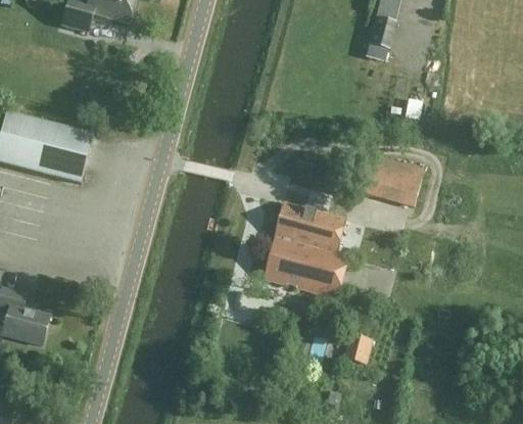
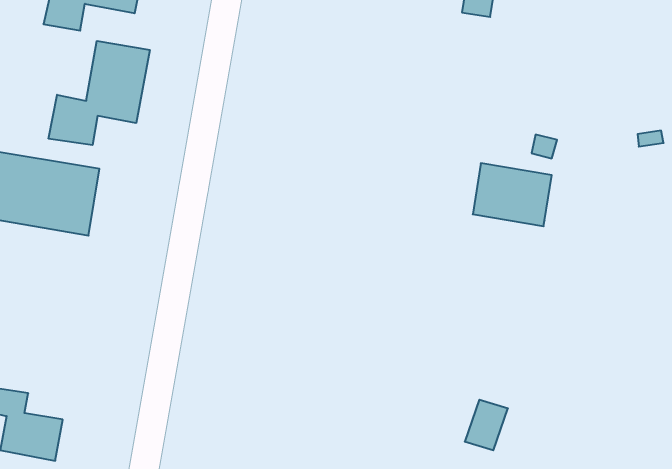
building: none -> [49,41,150,145]
building: [263,201,346,297] -> none

